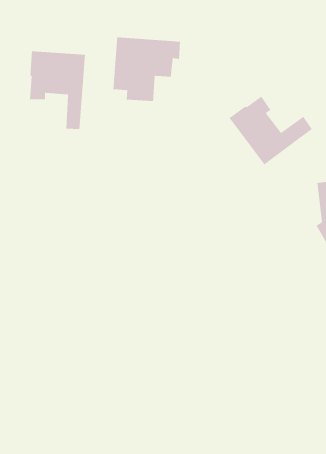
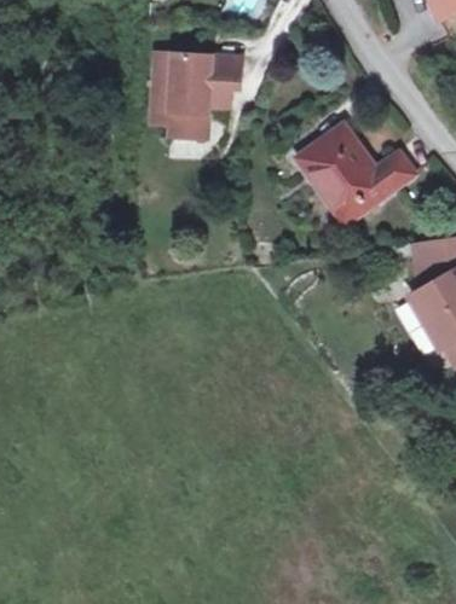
building: [29,50,86,130] -> none

